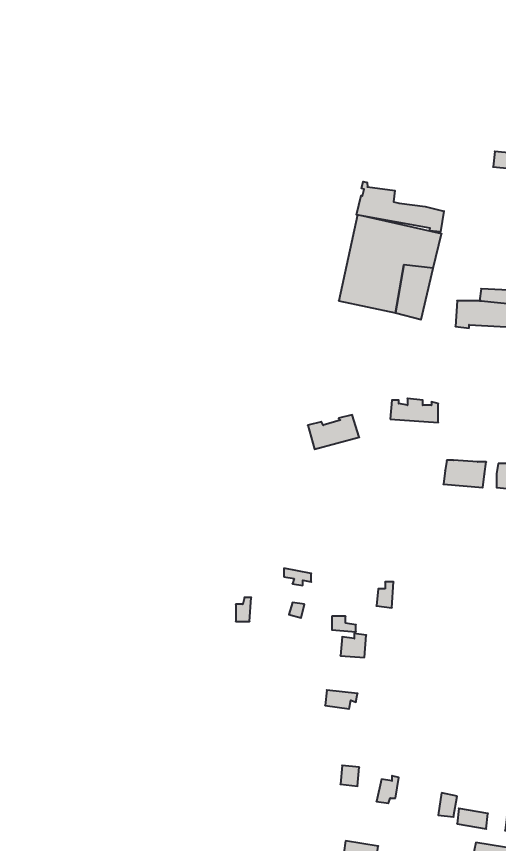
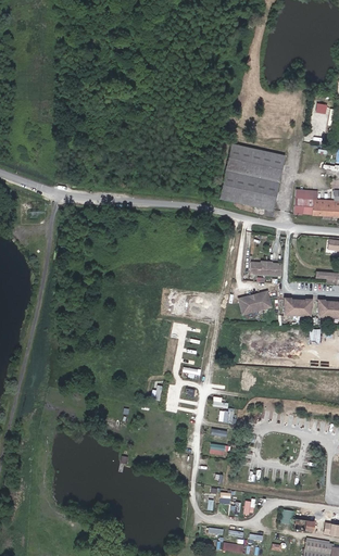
building: [356,182,444,232] -> none
building: [308,415,359,449] -> [239,290,272,312]

